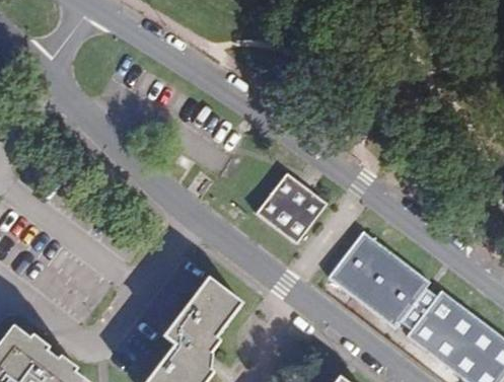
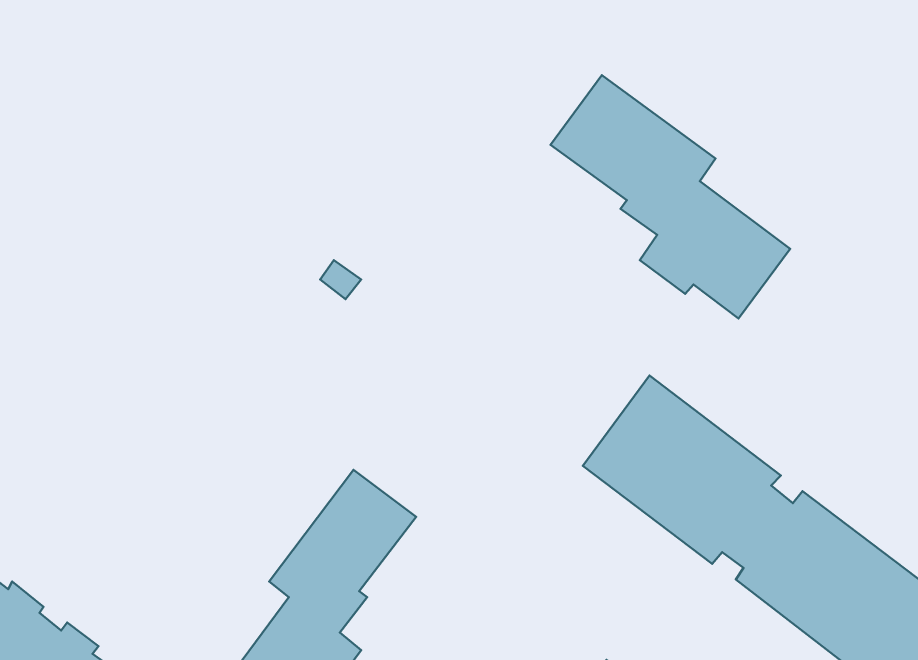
building: none -> [550,75,790,318]
building: [256,171,327,242] -> none

